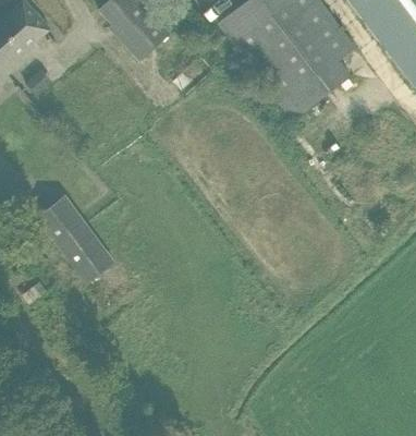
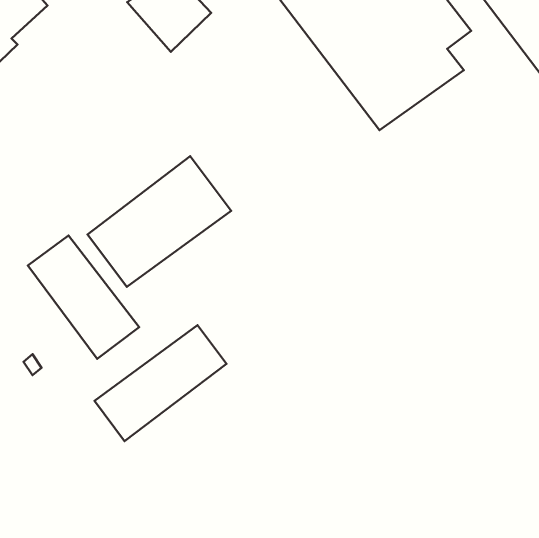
building: none -> [87,156,231,287]
building: none -> [94,325,227,441]

